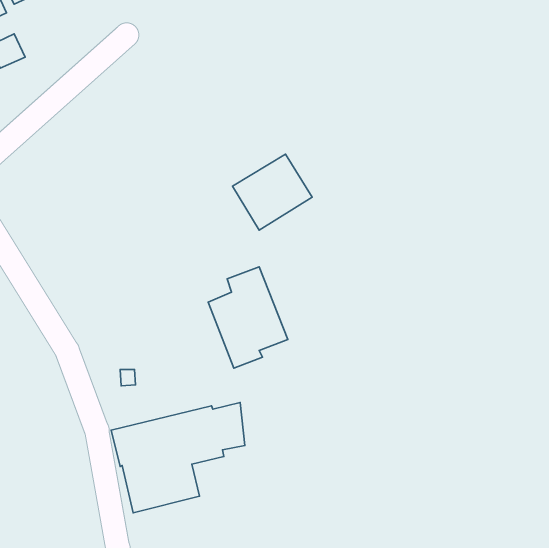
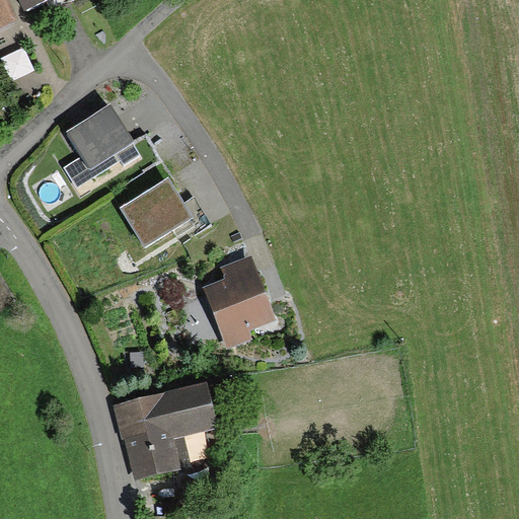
building: none -> [64,104,140,186]
building: [233,154,312,230] -> [119,178,192,248]

